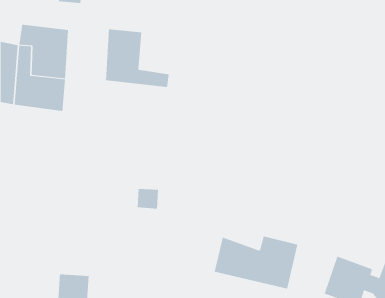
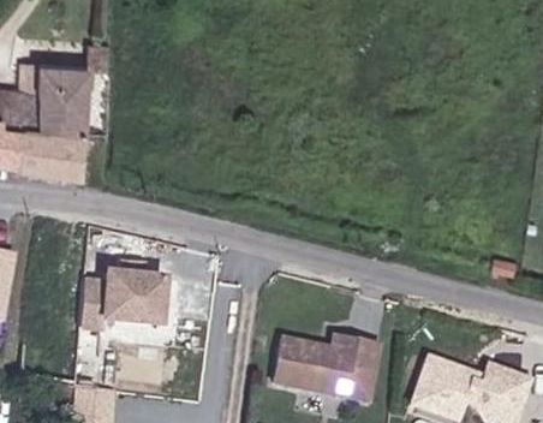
building: [106,29,169,88] -> none
building: none -> [82,261,168,322]

